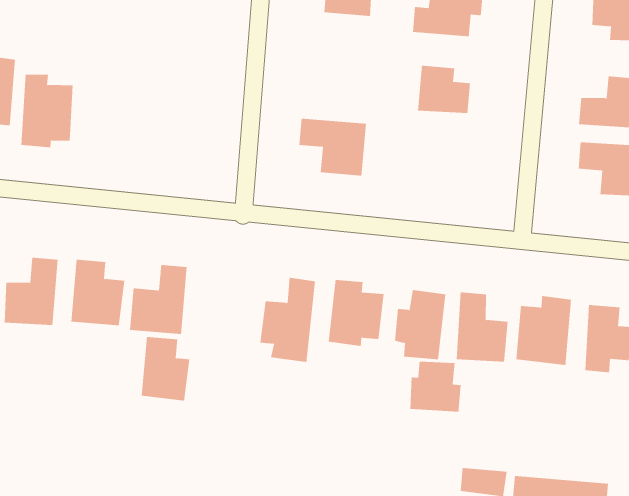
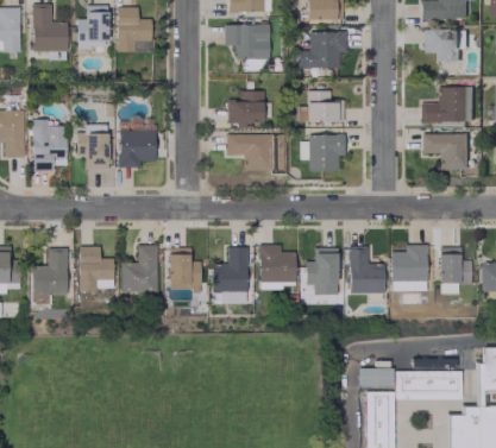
building: none -> [227,90,265,128]
building: none -> [77,124,109,169]
building: none -> [120,130,156,168]
building: none -> [301,134,345,171]
building: [141,337,190,401] -> [169,247,201,290]
building: [410,361,461,412] -> none

